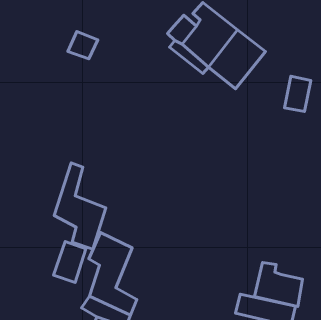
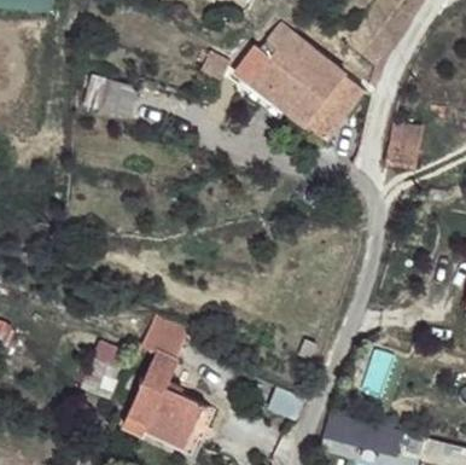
building: [54,163,106,249] -> none
building: [255,262,302,307] -> none

